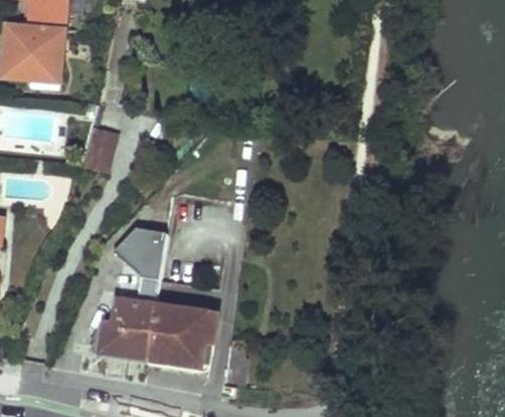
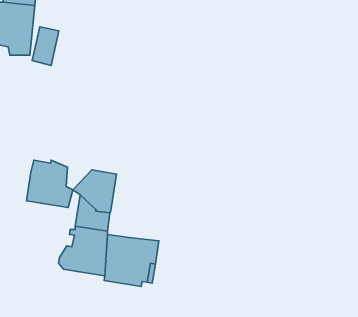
building: [82,127,115,174] -> [32,27,59,66]
building: none -> [27,160,73,207]

